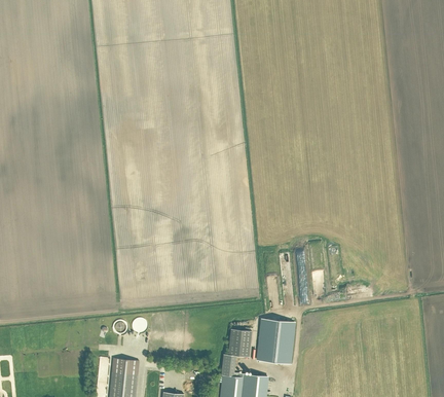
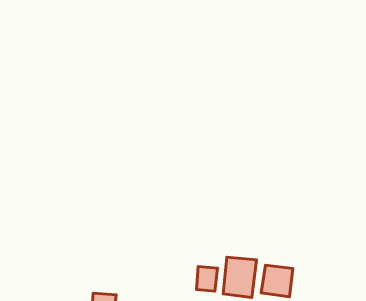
building: none -> [261,265,293,297]

